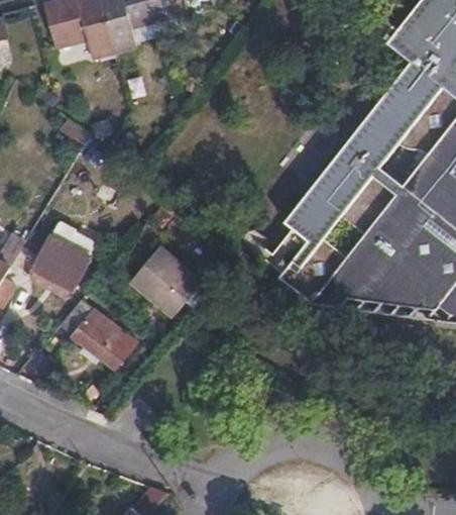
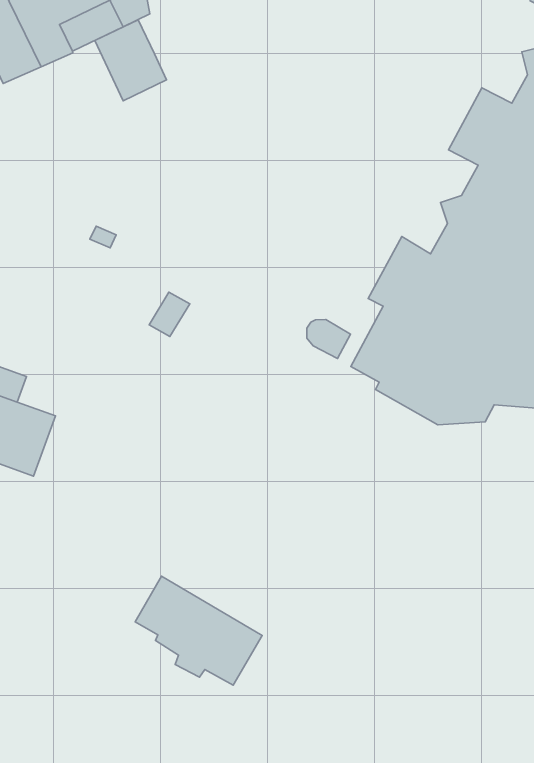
building: none -> [95,20,167,101]
building: [133,247,201,314] -> none
building: [64,296,137,368] -> [135,576,262,685]

